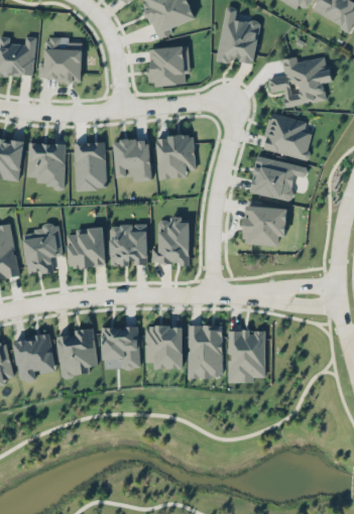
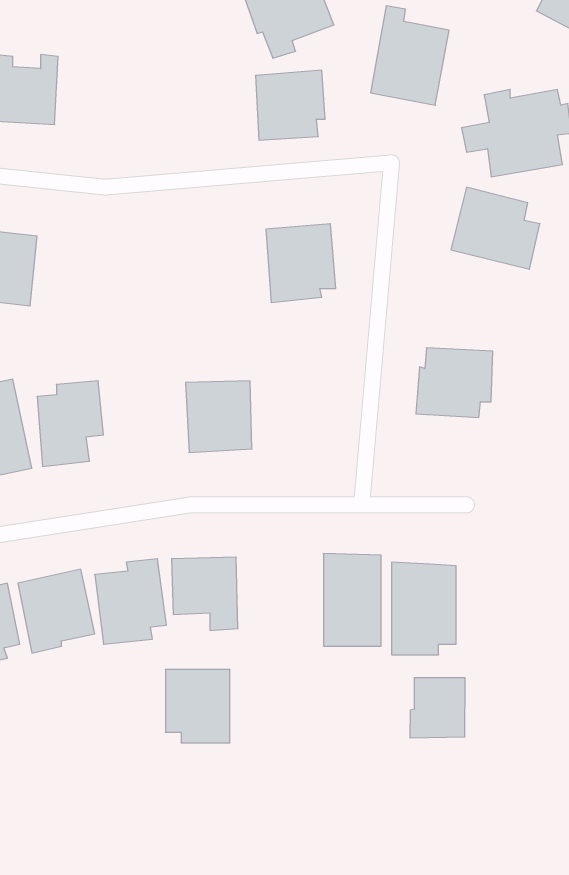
building: [43,36,82,81] -> none
building: [113,137,151,180] -> none
building: [74,141,106,189] -> none
building: [27,142,65,185] -> none
building: [249,155,308,200] -> none
building: [152,218,190,263] -> none
building: [67,228,105,267] -> none
building: [145,326,183,368] -> [165,669,230,743]
building: none -> [410,678,465,738]

